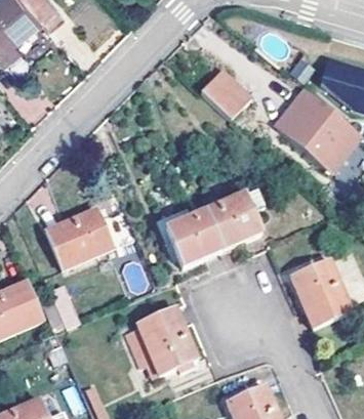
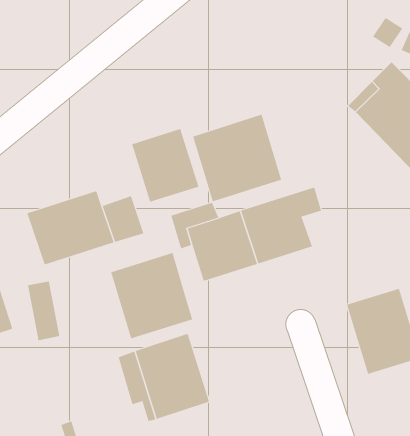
building: [200,70,251,120] -> none
building: none -> [192,114,282,202]
building: none -> [131,128,199,203]
building: none -> [110,252,193,339]

